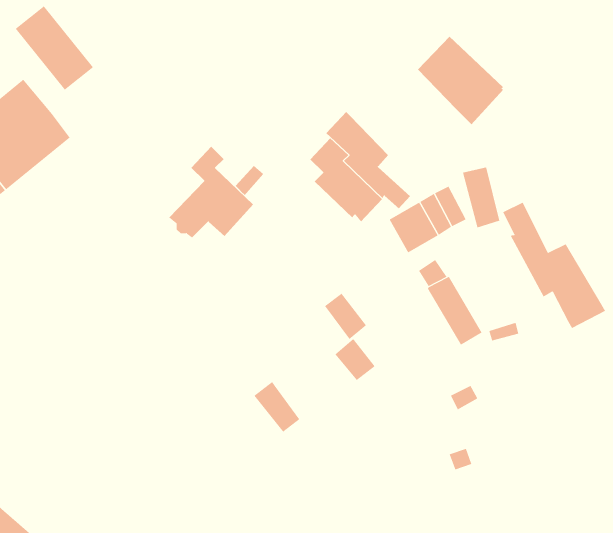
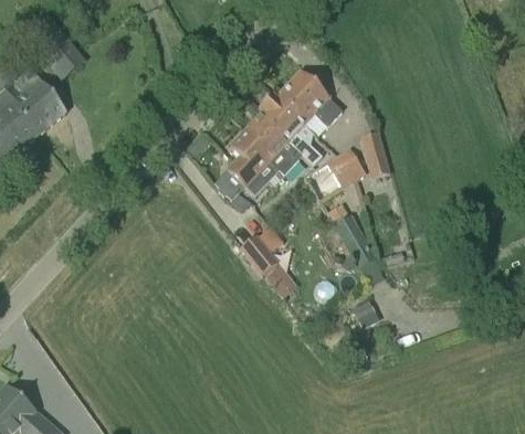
building: [417,36,504,125] -> [276,70,342,137]
building: [169,146,254,238] -> [213,128,277,198]
building: [503,202,606,329] -> none
building: [253,381,300,432] -> [240,235,275,274]

